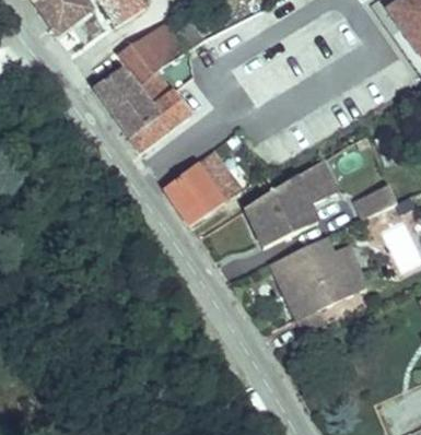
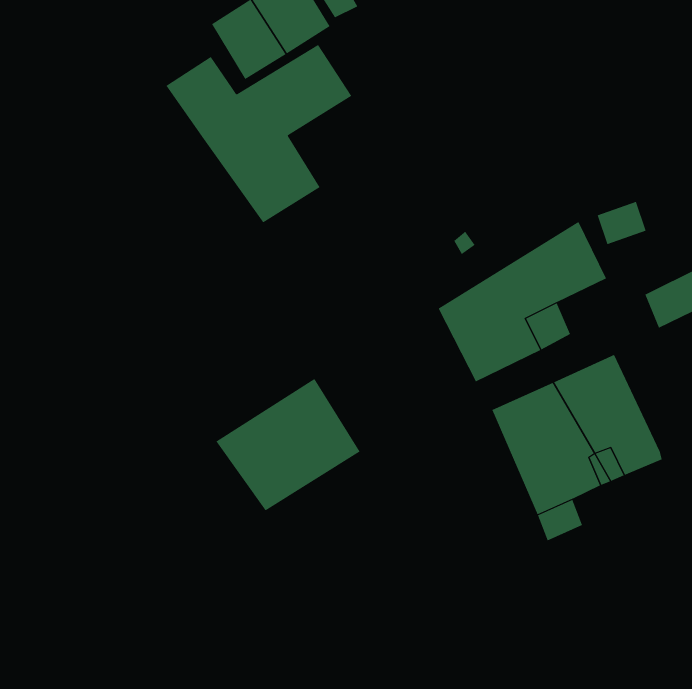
building: [163,150,243,223] -> [215,378,361,511]

